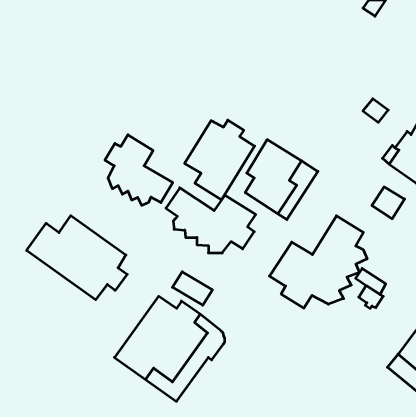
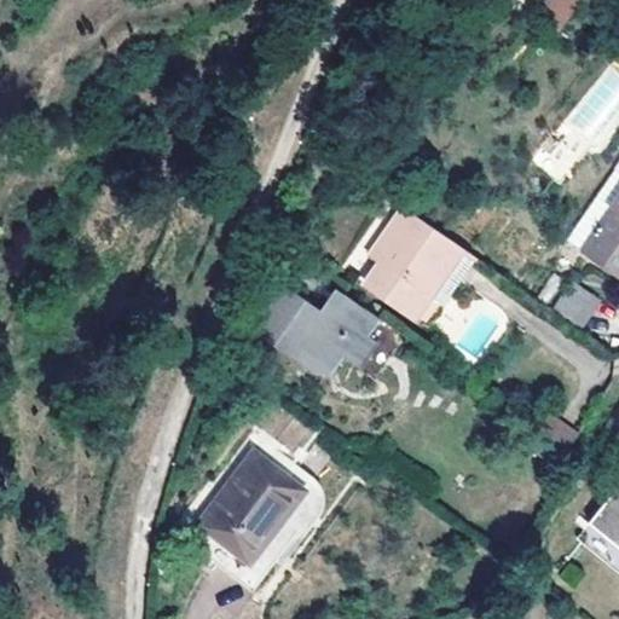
building: [185,120,255,200] -> none
building: [105,135,173,205] -> none
building: [27,216,127,300] -> none
building: [269,216,367,308] -> none

